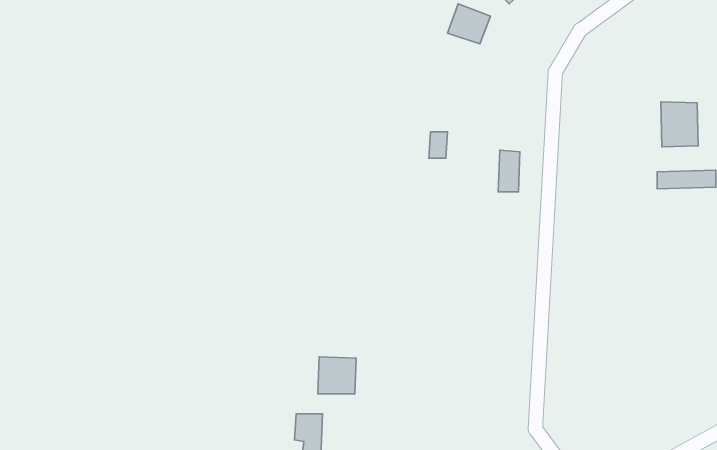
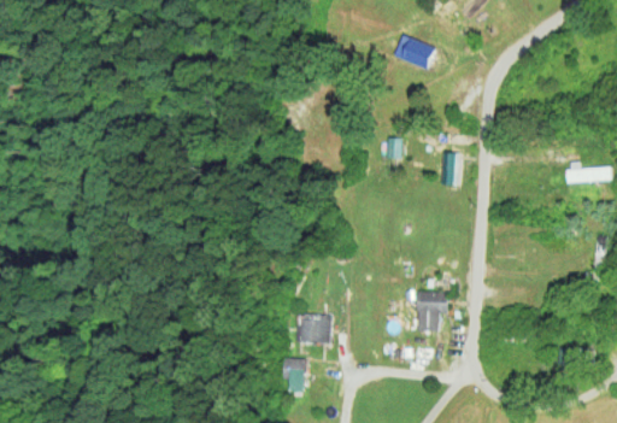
building: [661,102,698,147] -> none
building: none -> [417,292,447,331]

